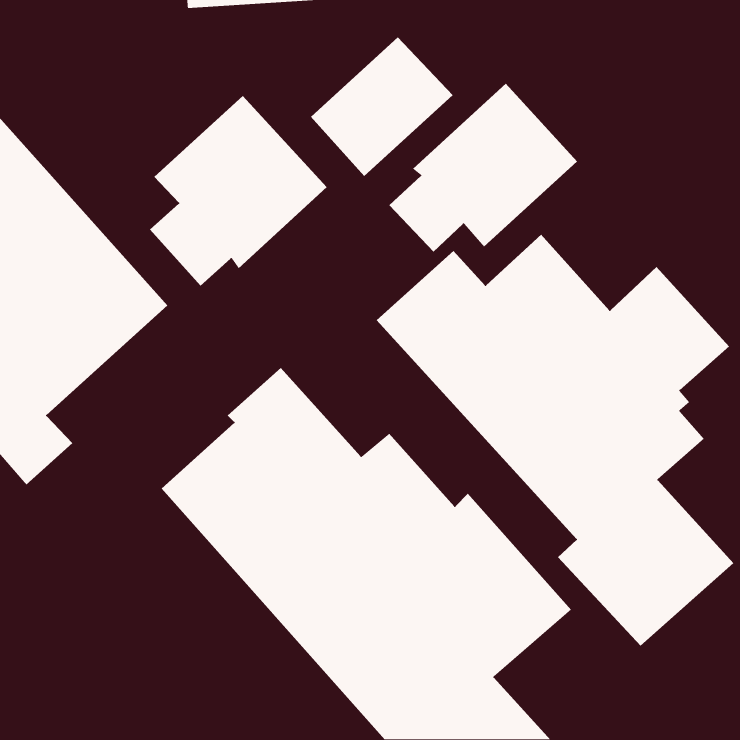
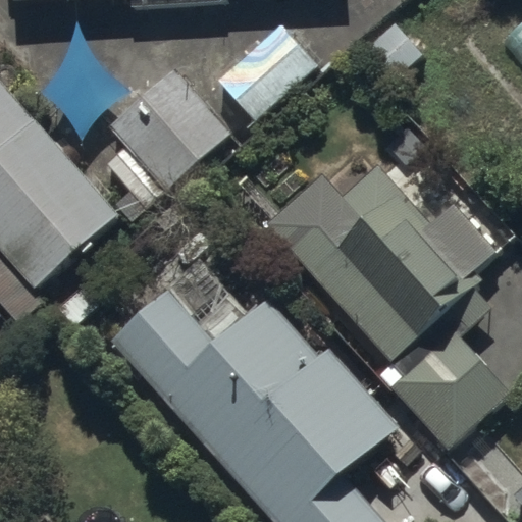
building: [389,83,578,253] -> none

